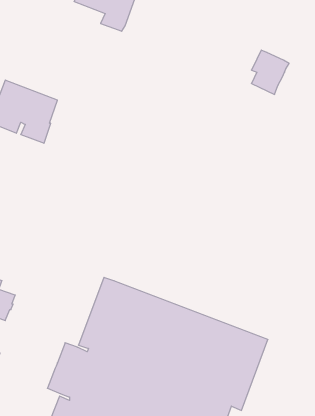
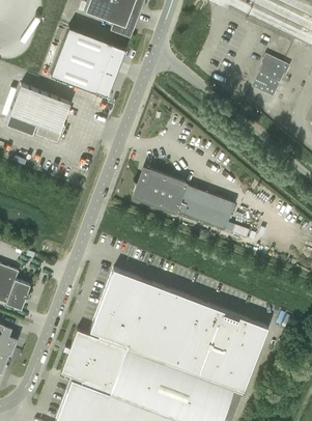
building: none -> [51,28,124,96]
building: none -> [133,171,235,231]

